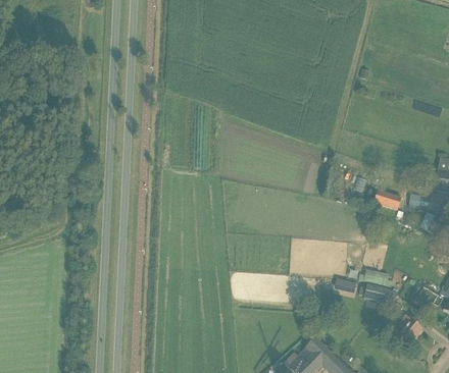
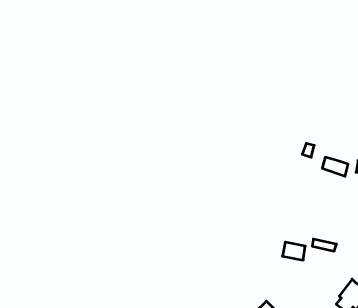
building: [365,284,397,308] -> none

